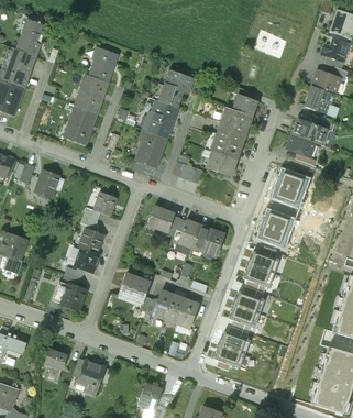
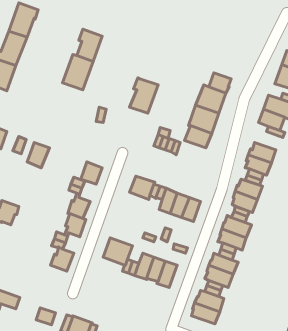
building: [157,69,191,108] -> none
building: [63,106,96,145] -> none
building: [135,130,166,168] -> none

